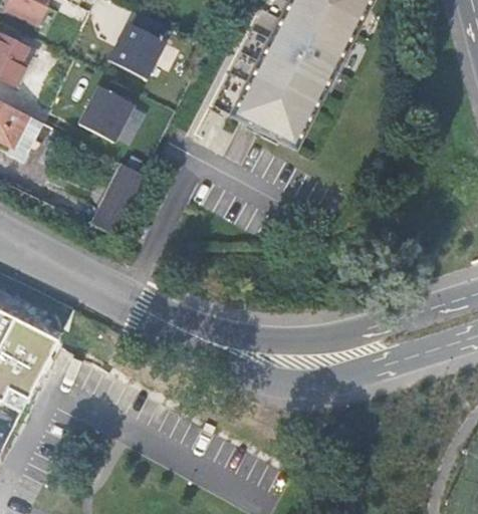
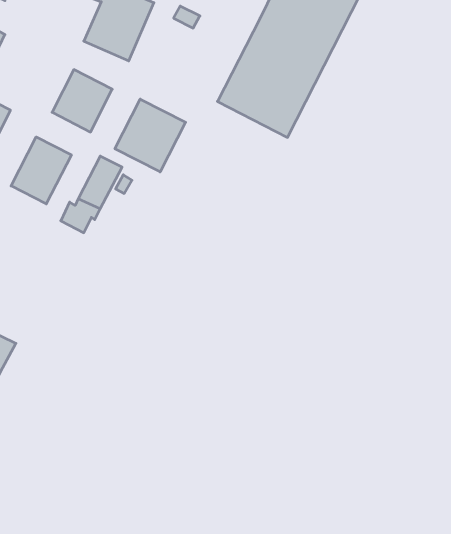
building: none -> [115,99,186,172]
building: none -> [11,137,71,204]

